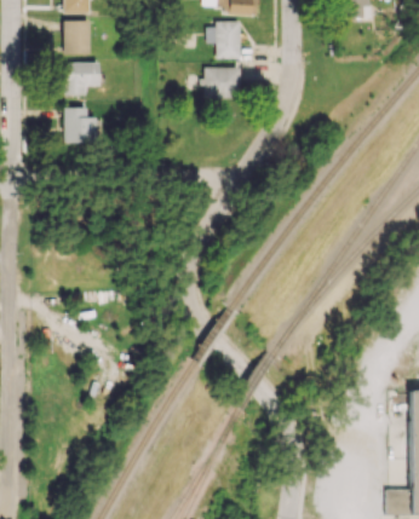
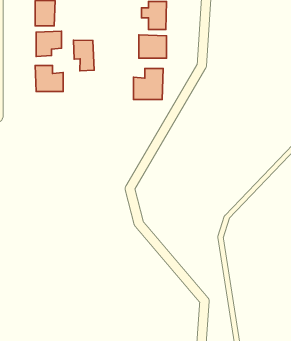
building: none -> [73,40,94,71]
building: none -> [133,68,163,100]

